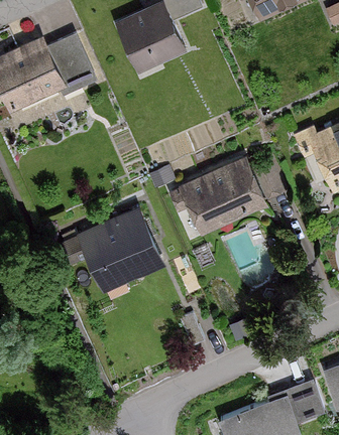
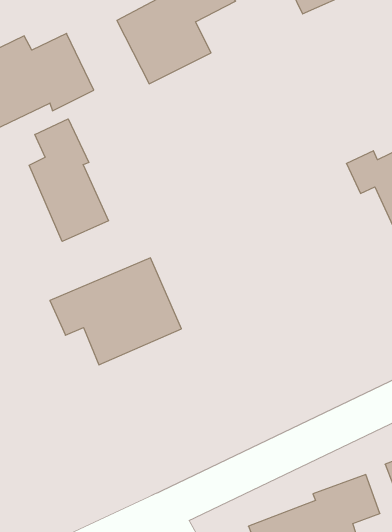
building: none -> [29,119,108,241]
building: [168,157,266,236] -> none

